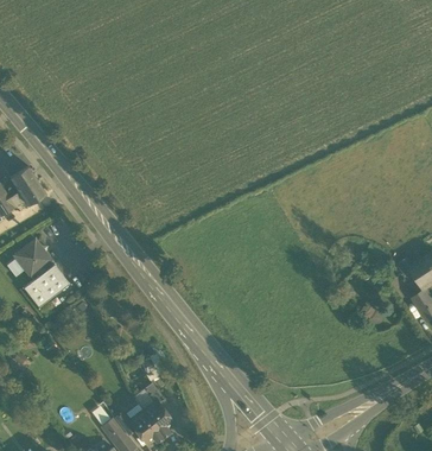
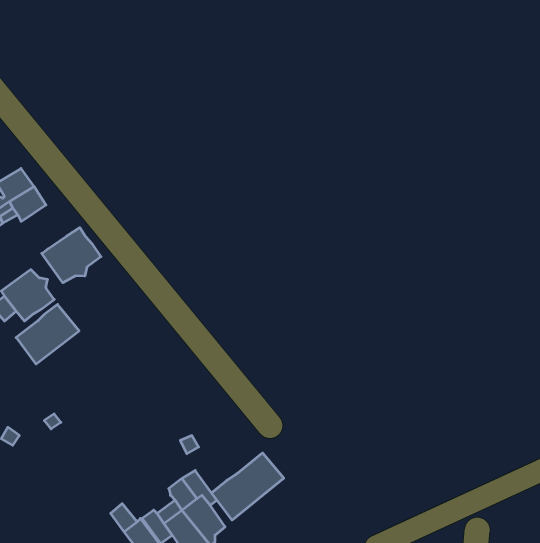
building: none -> [42,228,101,283]
building: none -> [212,453,284,520]

